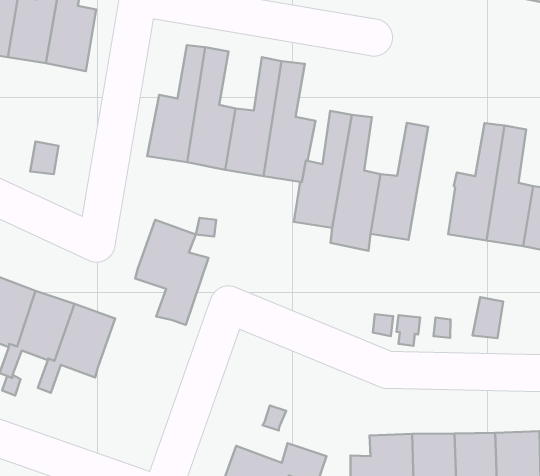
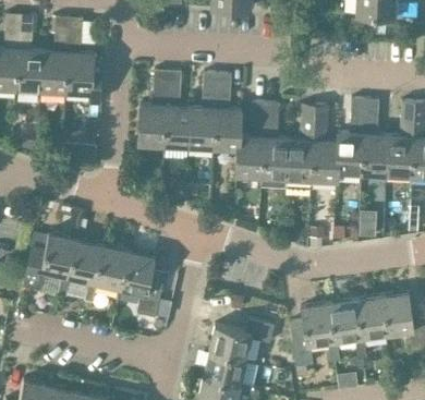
building: none -> [311,107,337,183]
building: [135,220,208,325] -> [119,253,165,318]

